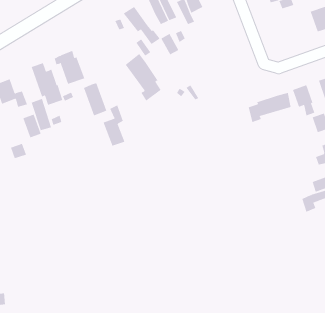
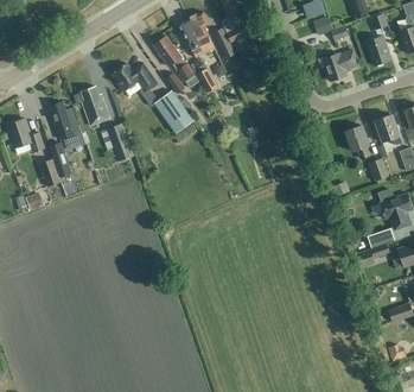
building: none -> [323,49,358,81]
building: none -> [113,62,158,91]
building: [248,92,291,123] -> none
building: [103,104,125,147] -> none

